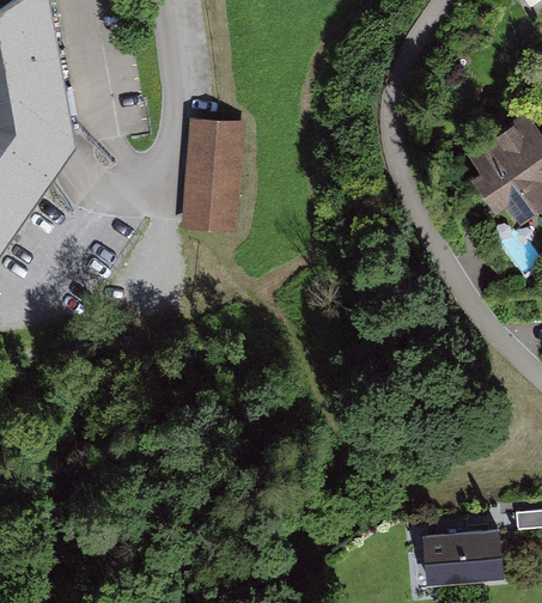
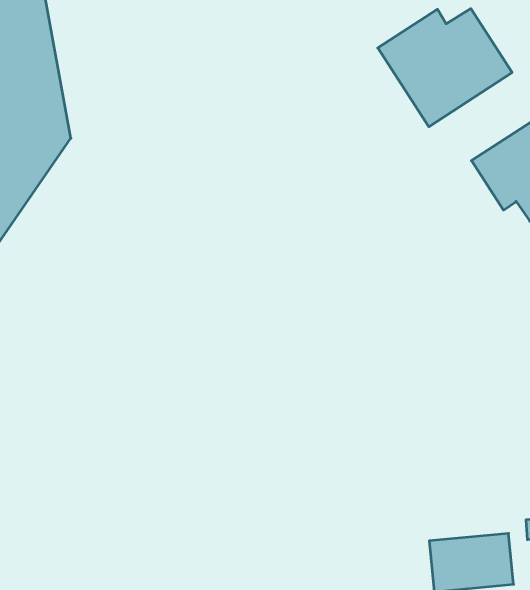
building: none -> [378,9,512,127]
building: [181,117,244,234] -> none

